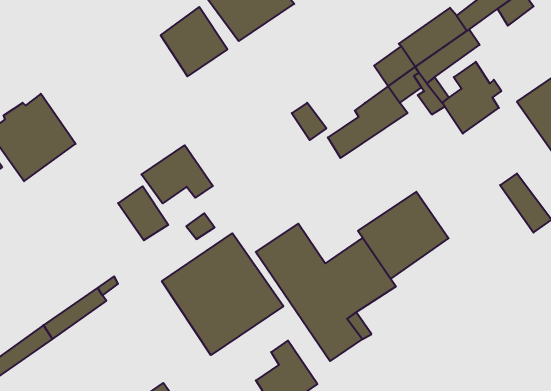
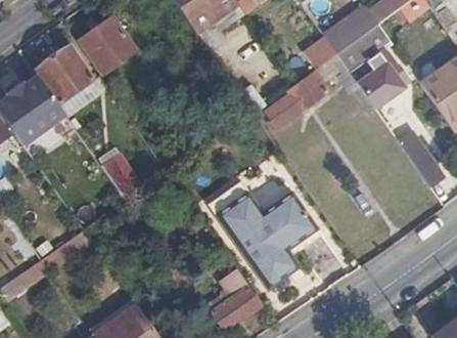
building: [161,7,227,76] -> [80,16,133,72]
building: none -> [38,47,92,102]
building: [141,145,213,203] -> none
building: [358,192,449,279] -> none
building: [162,233,283,355] -> none

